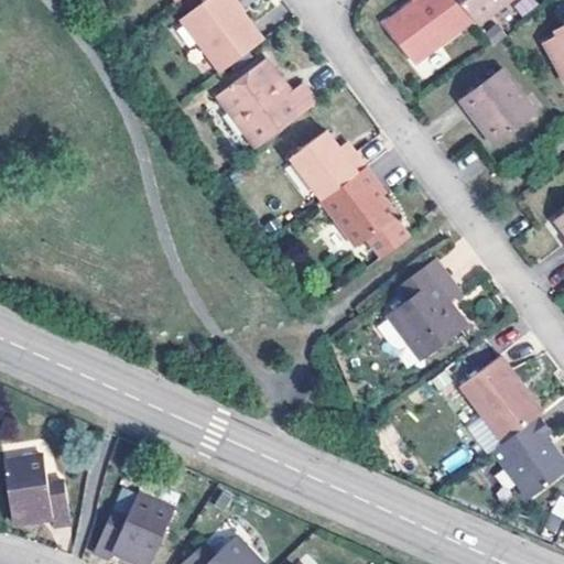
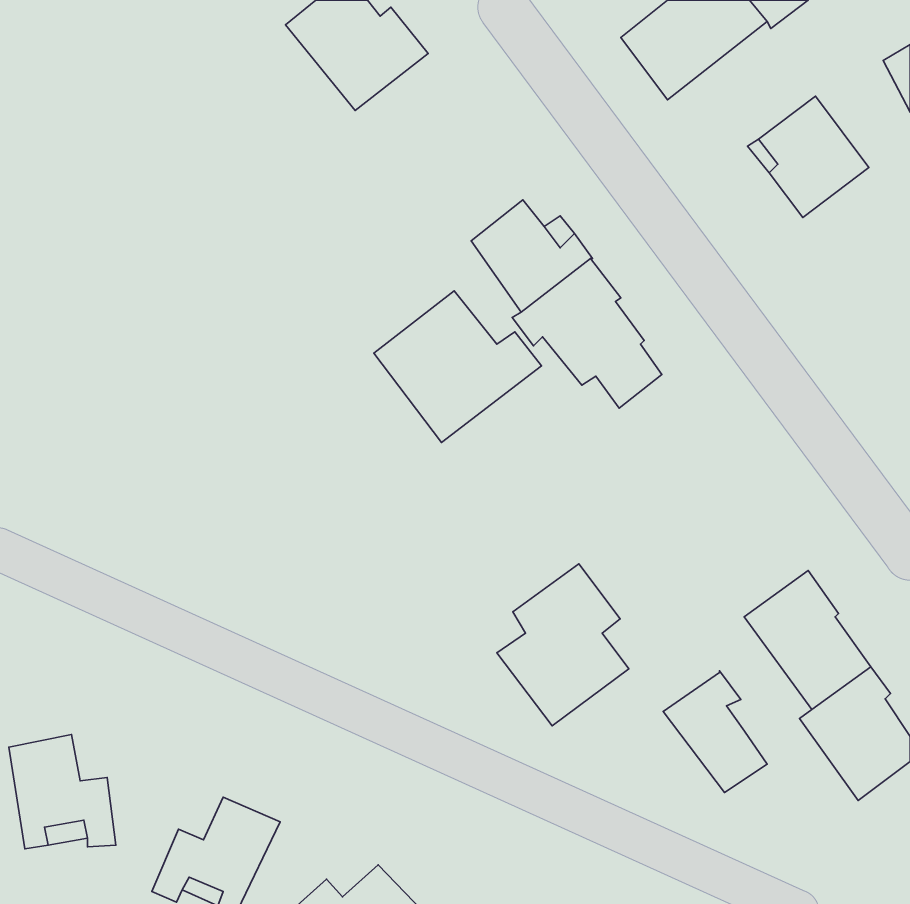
building: [213,56,316,150] -> [374,291,541,442]
building: [386,258,467,358] -> [497,564,629,726]
building: none -> [663,671,767,792]

